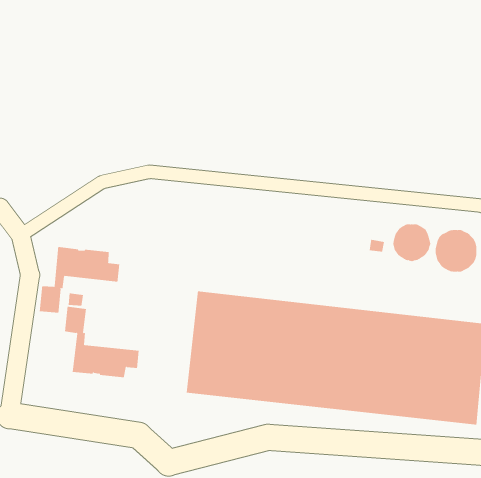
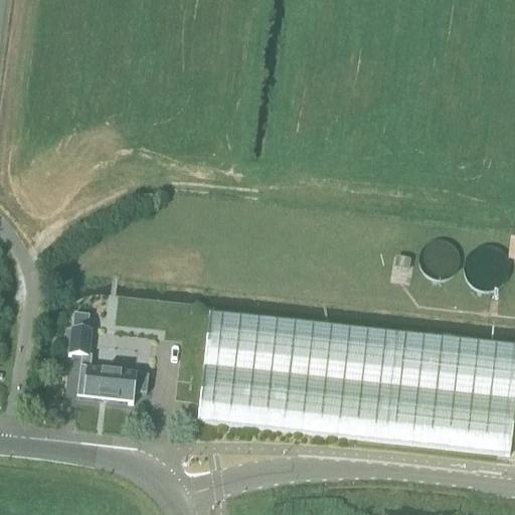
building: [39,246,120,313] -> none

